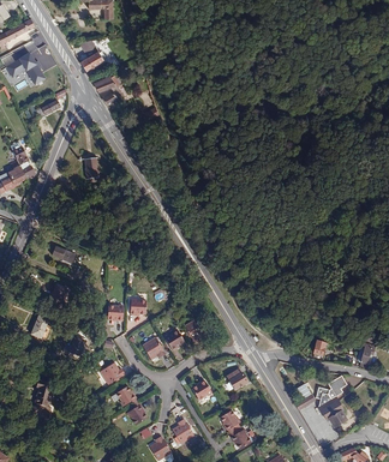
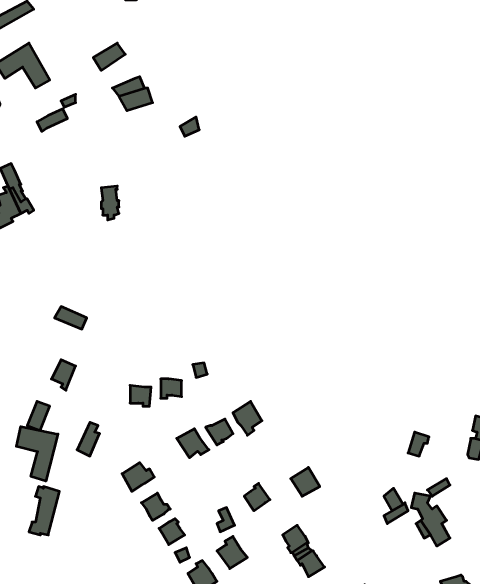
building: none -> [16,427,58,481]

